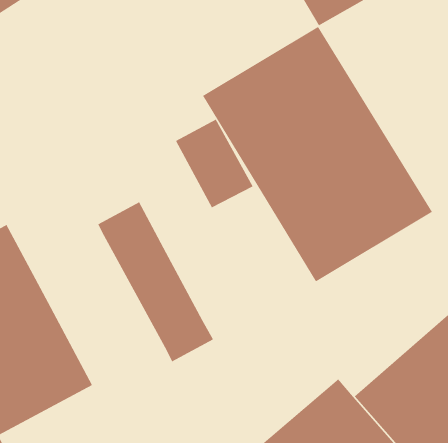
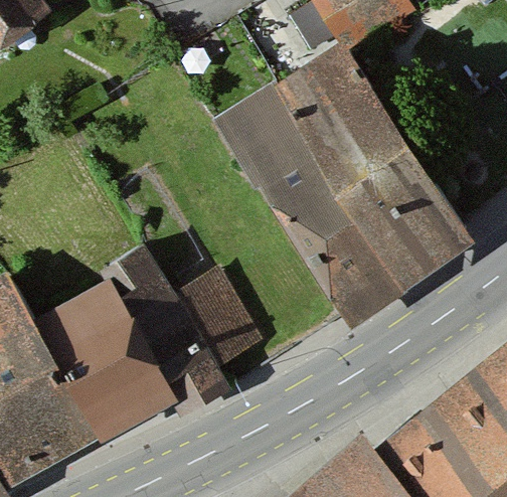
building: [175,119,253,208] -> [183,272,266,366]
building: none -> [49,273,180,435]

